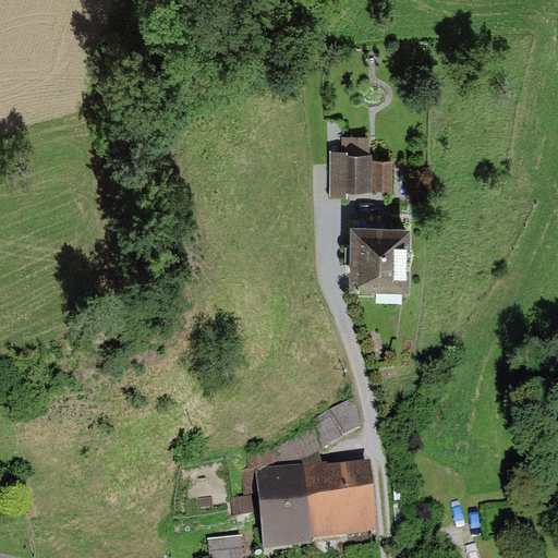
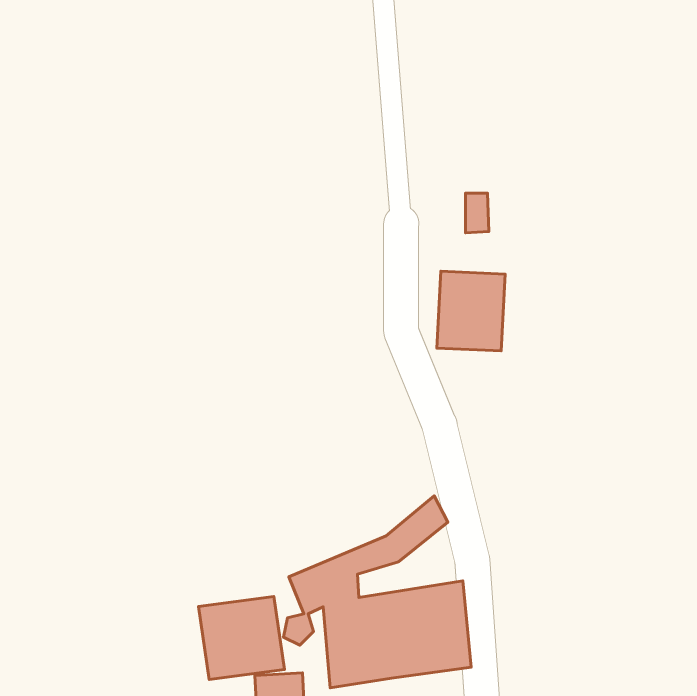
building: [330,154,364,189] -> none
building: none -> [198,596,284,680]

